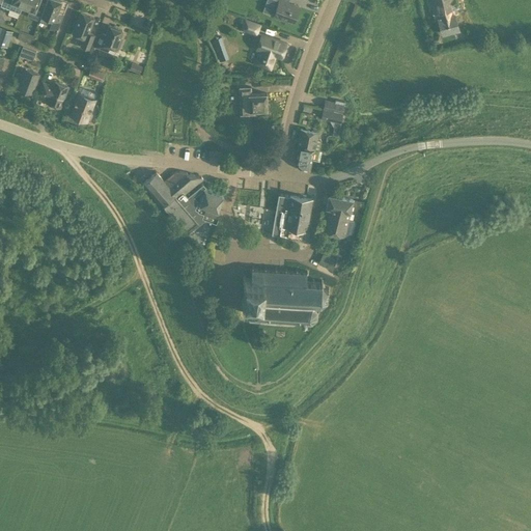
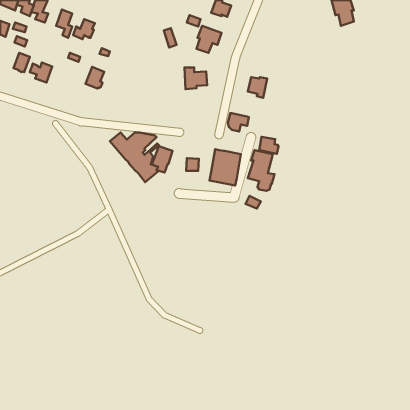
building: [71,93,94,121] -> [86,67,104,89]
building: [297,129,322,150] -> [259,137,278,154]
building: [241,266,329,325] -> none

